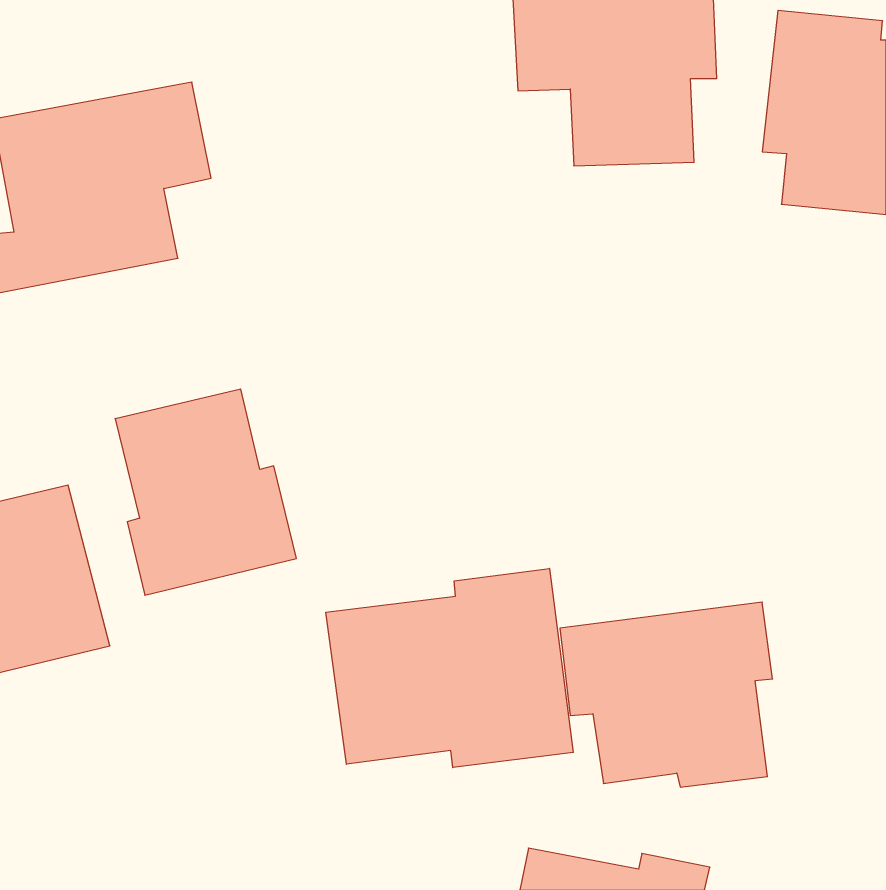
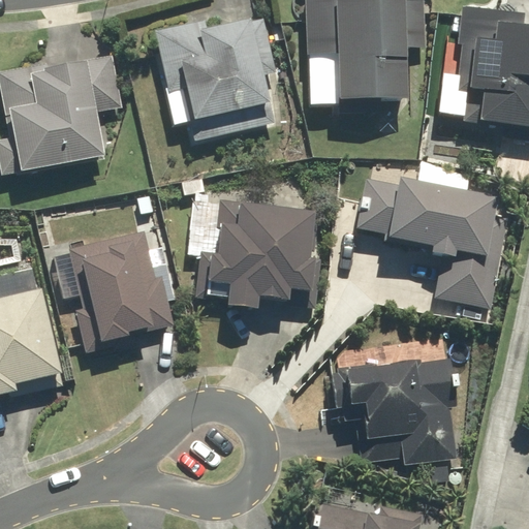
building: none -> [154,14,279,142]
building: none -> [353,172,504,309]
building: none -> [192,199,318,308]
building: [326,568,573,768] -> none

